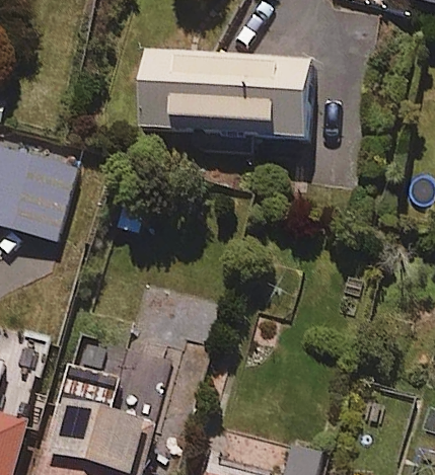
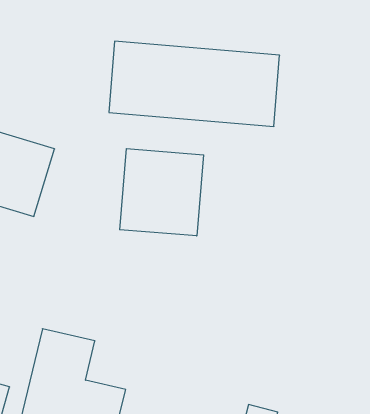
building: none -> [120,149,204,236]

